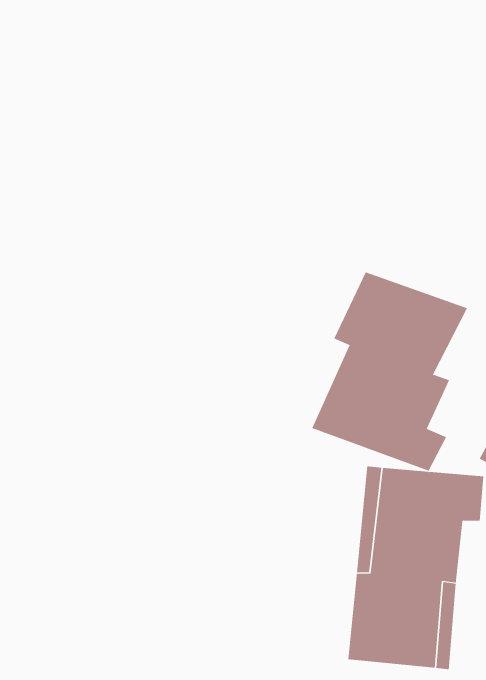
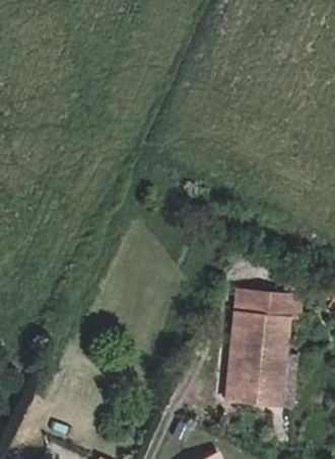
building: [311,271,468,472] -> none

